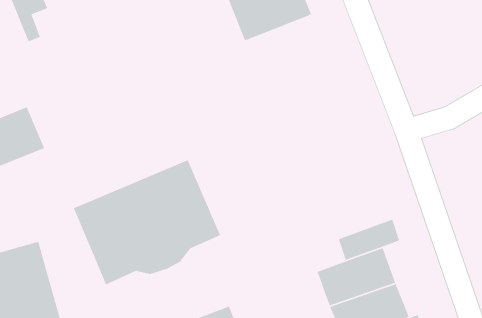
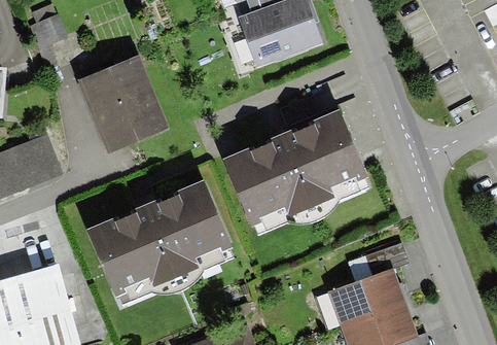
building: none -> [76,55,167,154]
building: none -> [223,110,370,233]

